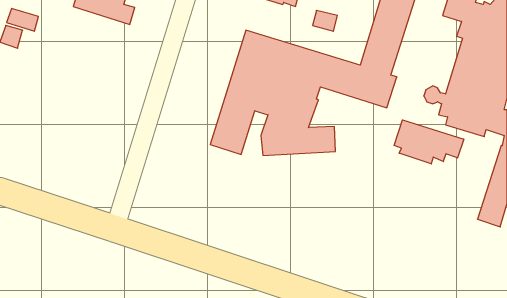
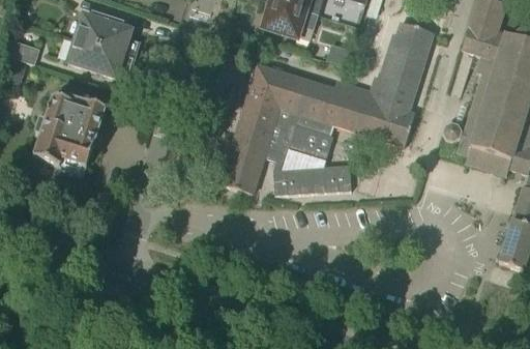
building: none -> [69,39,136,79]
building: none -> [34,90,108,179]
building: [394,120,464,164] -> none

